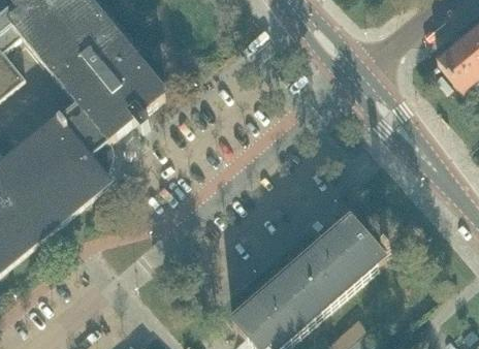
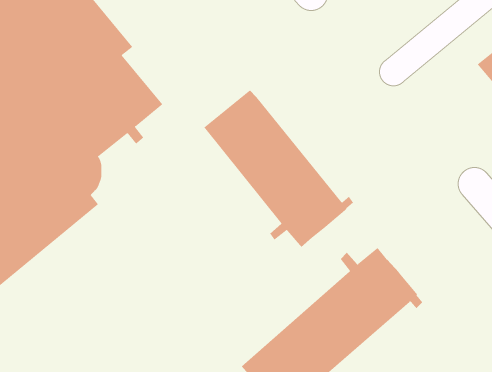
building: none -> [203,89,354,248]

